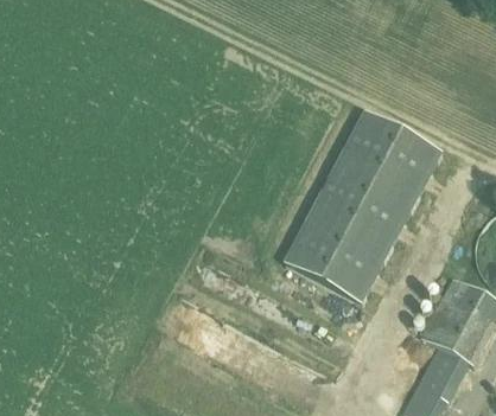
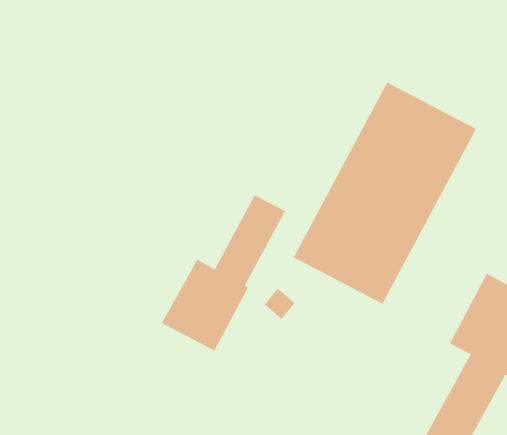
building: none -> [161,195,286,352]

